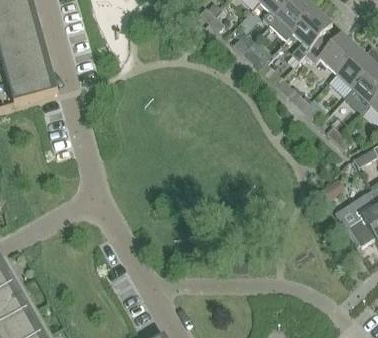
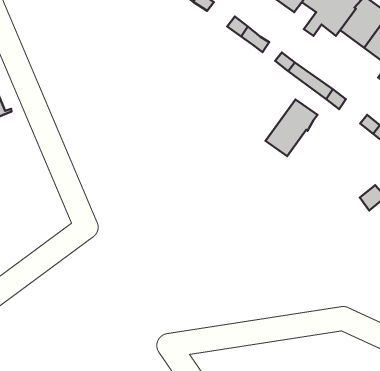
building: none -> [265,99,317,156]

